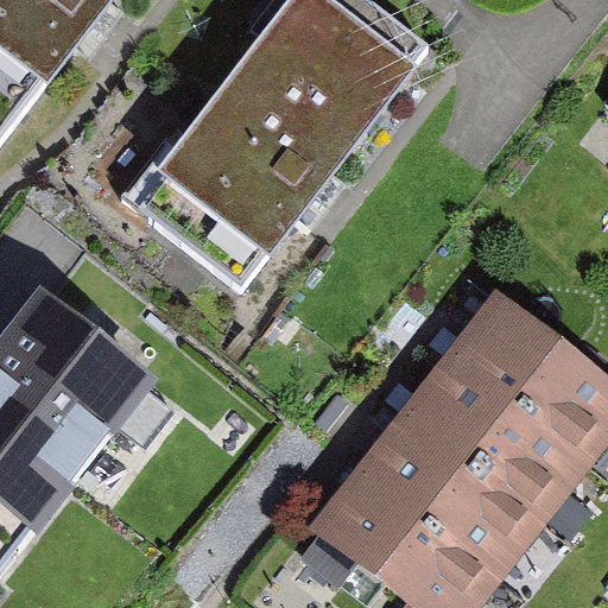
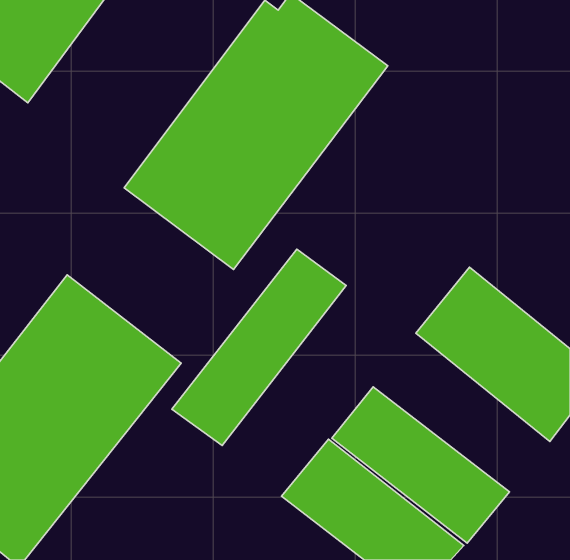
building: none -> [172,249,346,445]
building: [398,355,581,519] -> none

